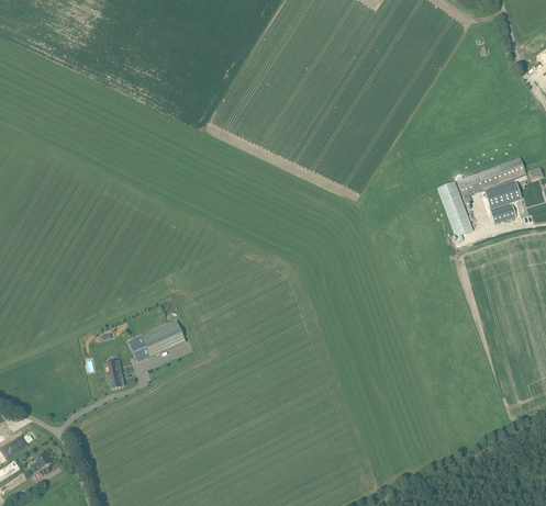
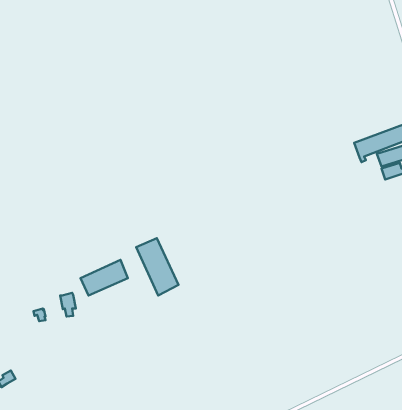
building: [437,180,472,240] -> none
building: none -> [136,238,179,295]

